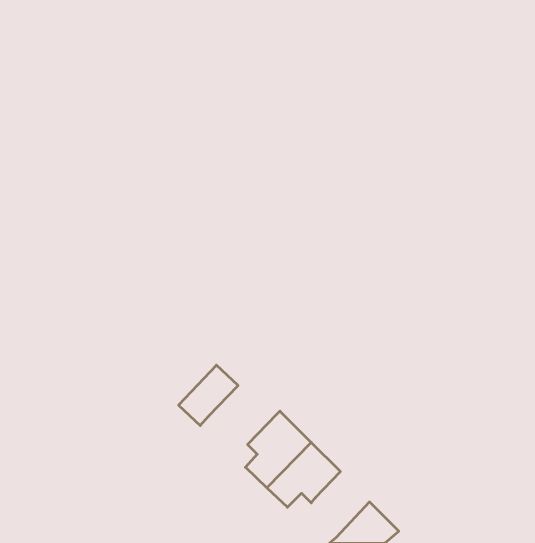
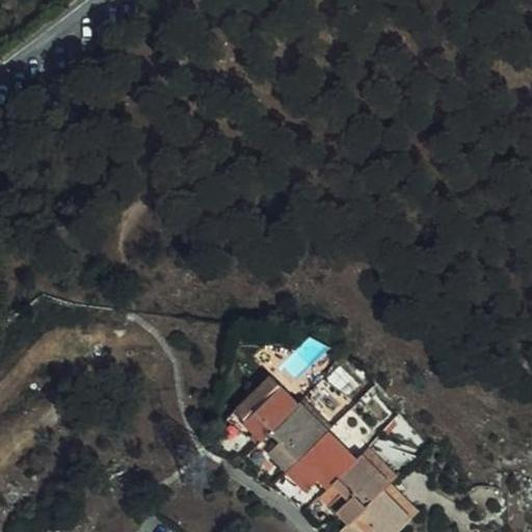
building: [179,365,238,426] -> [225,378,283,436]
building: none -> [319,447,378,516]

